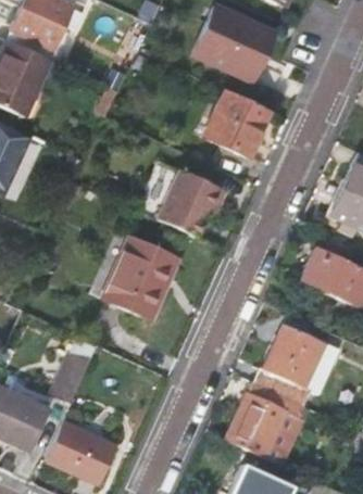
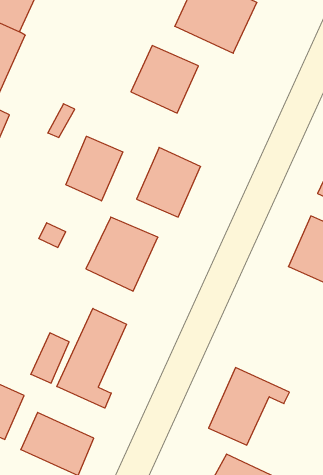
building: [204,92,270,157] -> [131,46,198,113]
building: none -> [66,136,123,201]
building: [253,325,326,406] -> none
building: none -> [57,308,126,408]

